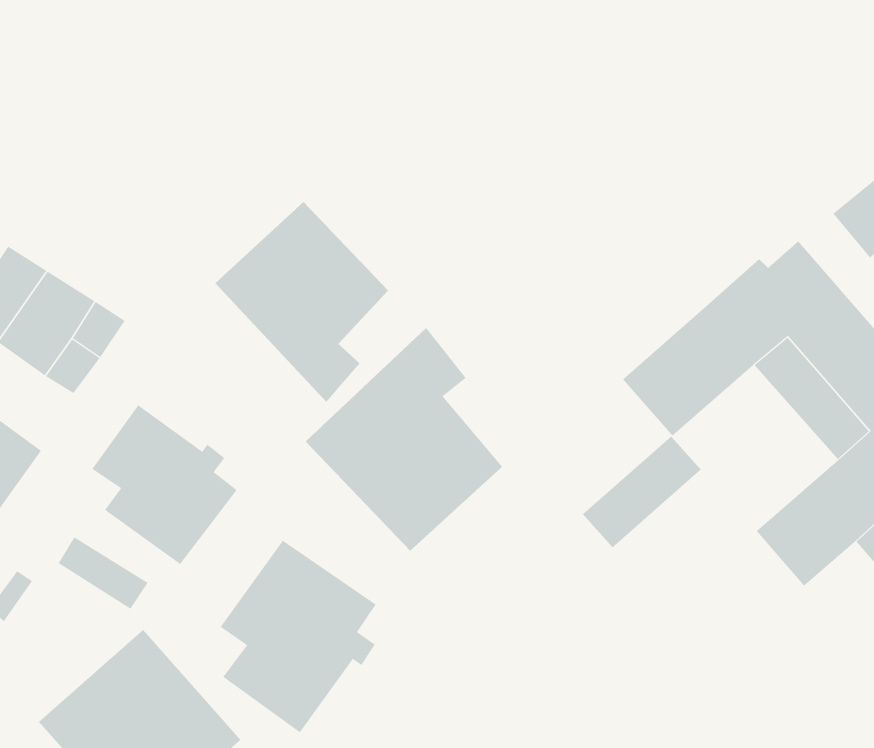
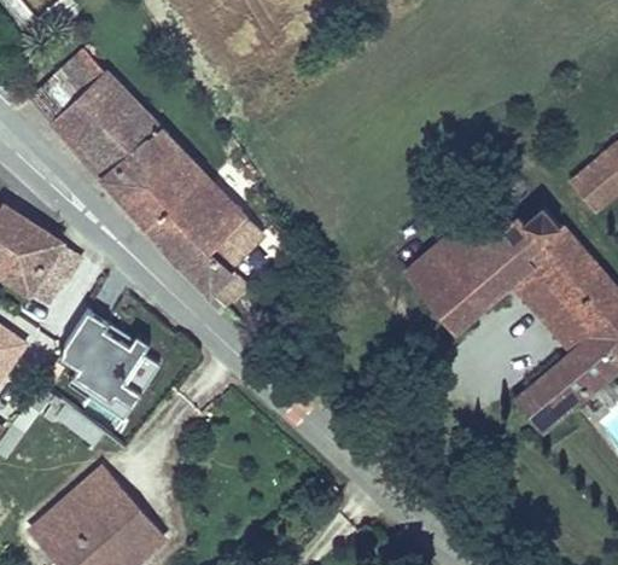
building: none -> [27,51,206,231]
building: [305,327,503,552] -> none
building: [582,436,702,548] -> [402,220,483,296]
building: [220,540,377,733] -> none

